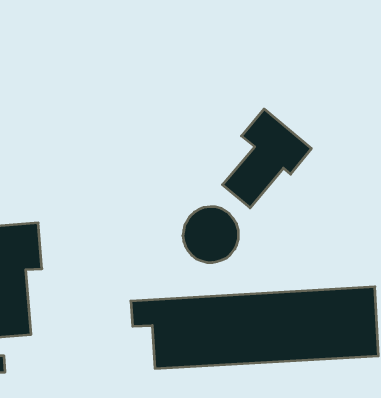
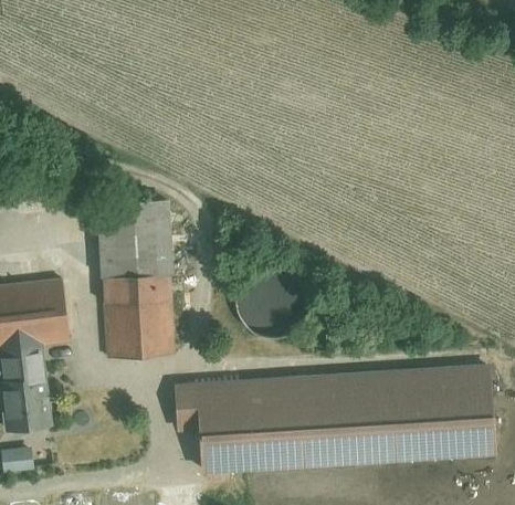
building: [222,109,311,208] -> none
building: none -> [95,200,172,356]

